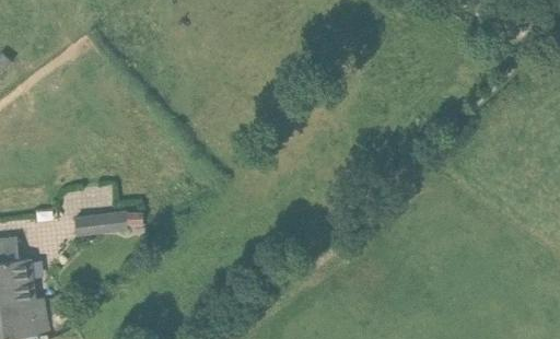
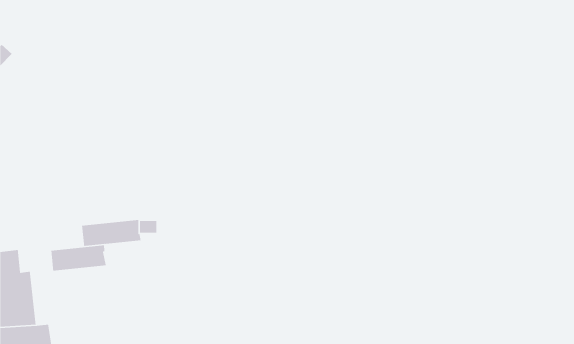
building: none -> [50,245,107,272]

